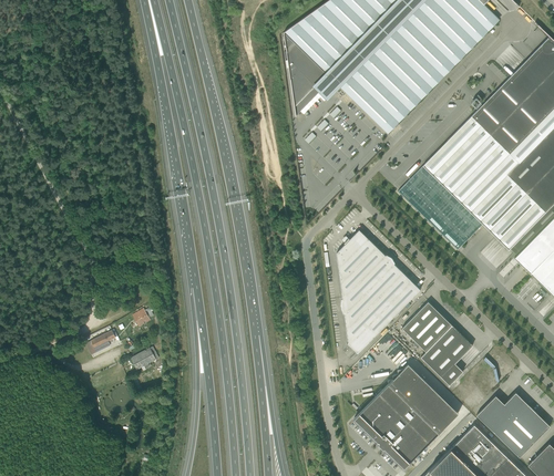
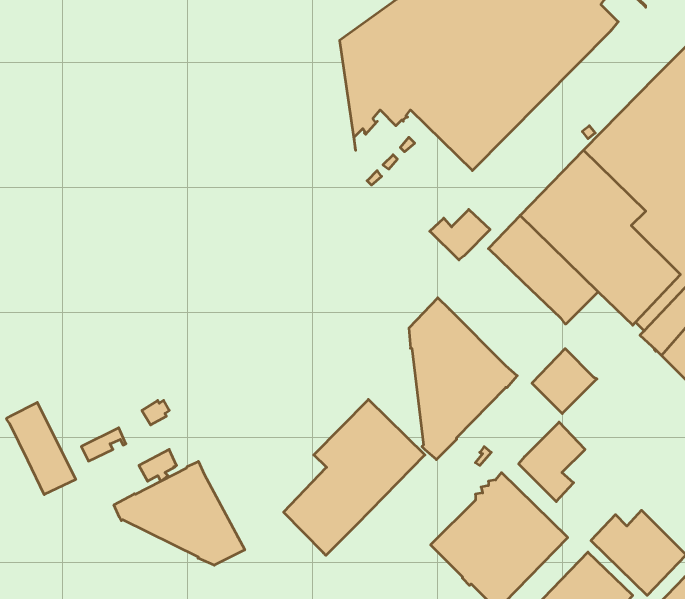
building: none -> [430,209,490,260]
building: [402,301,452,351] -> [532,349,597,414]
building: none -> [284,399,425,555]
building: none -> [7,402,76,495]
building: none -> [114,461,245,565]

